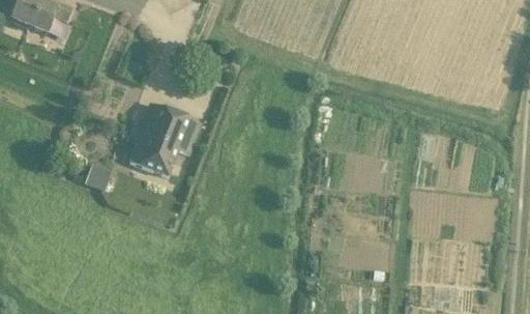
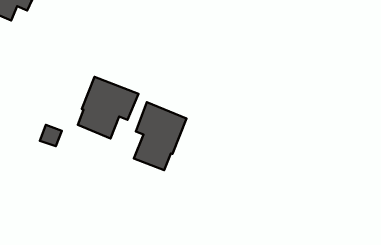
building: none -> [134,102,186,170]

